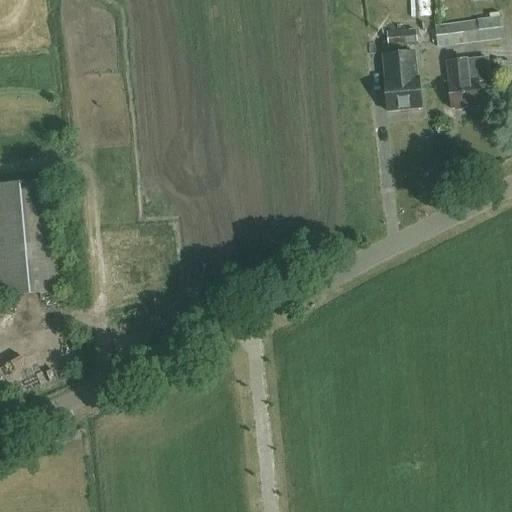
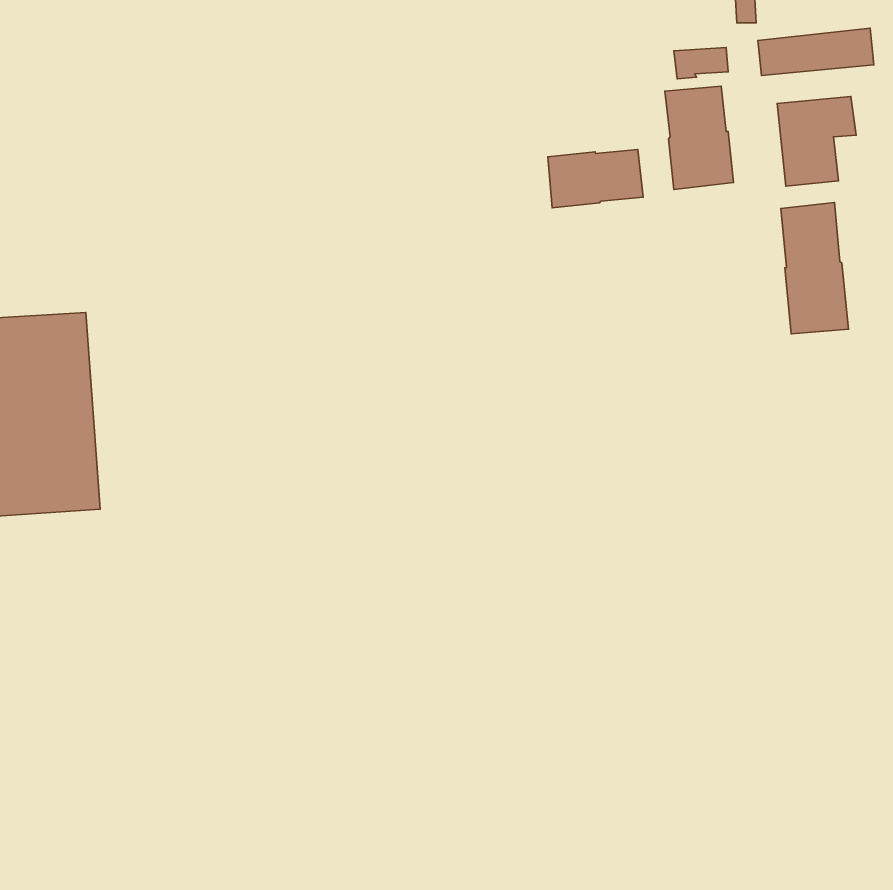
building: none -> [548,149,643,208]
building: none -> [781,202,848,334]

